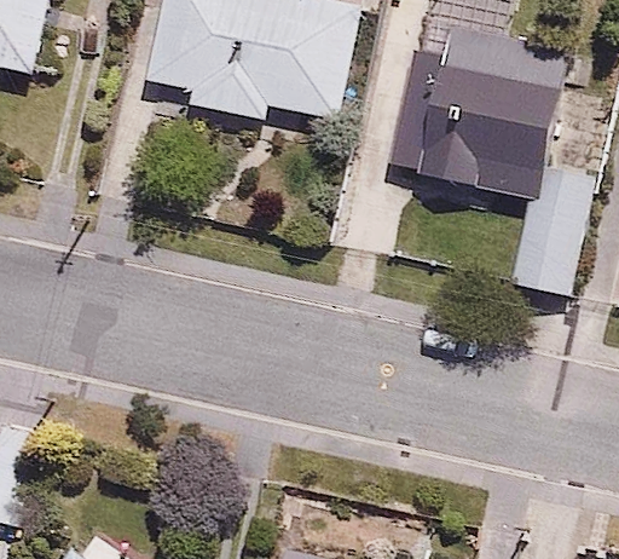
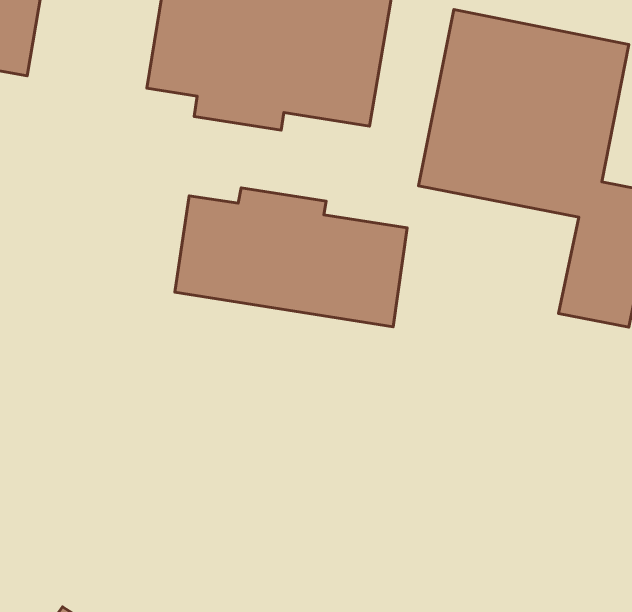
building: none -> [175,188,407,327]

